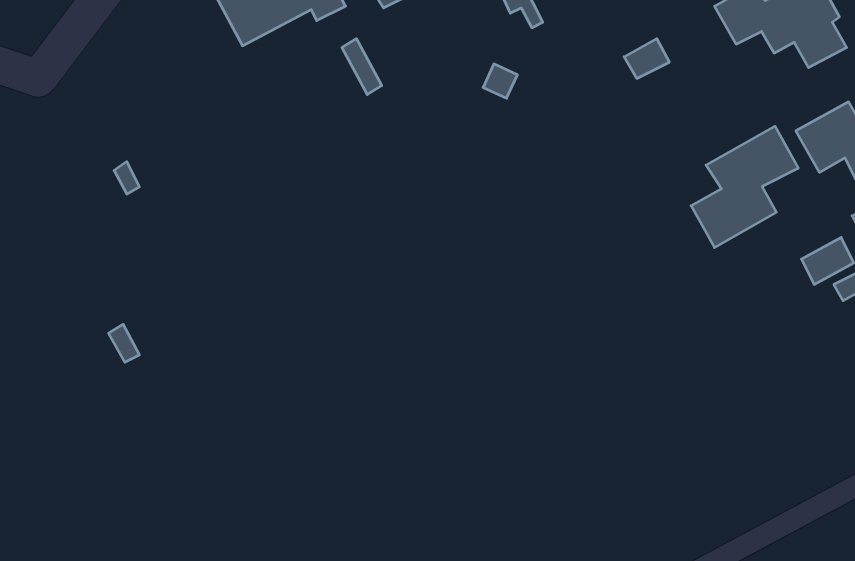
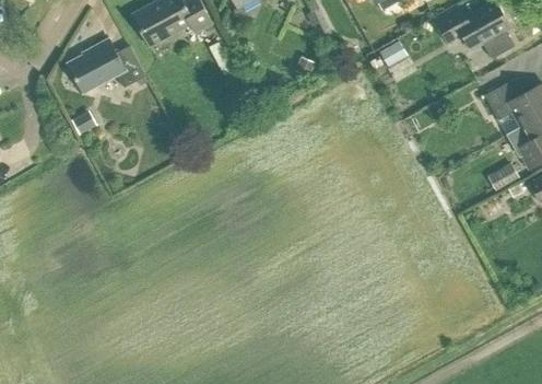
building: none -> [67,38,144,93]
building: [691,126,798,248] -> none

